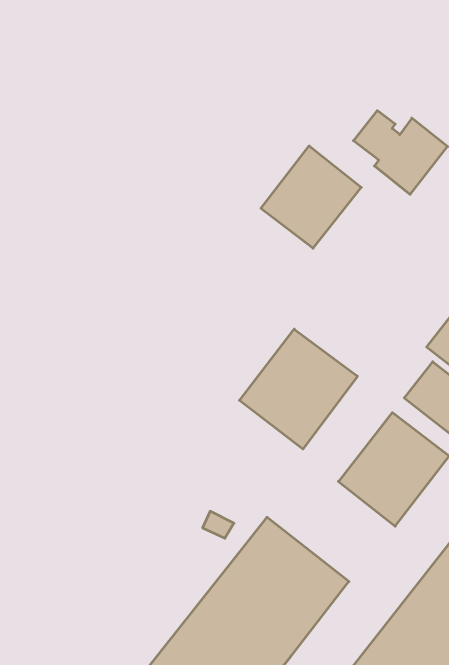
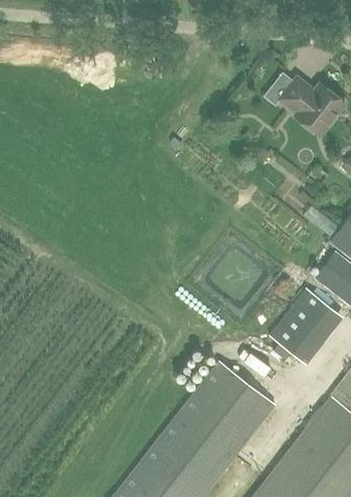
building: [261,146,361,248] -> none
building: [239,329,357,449] -> none

